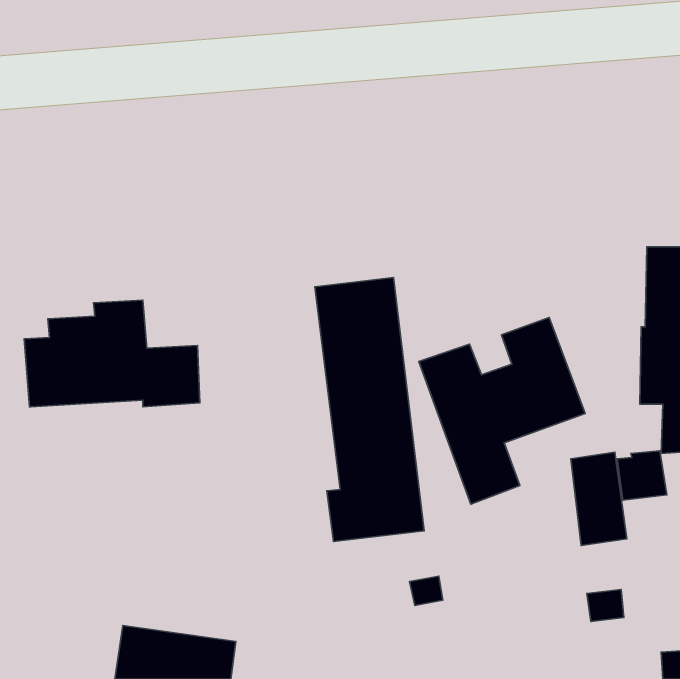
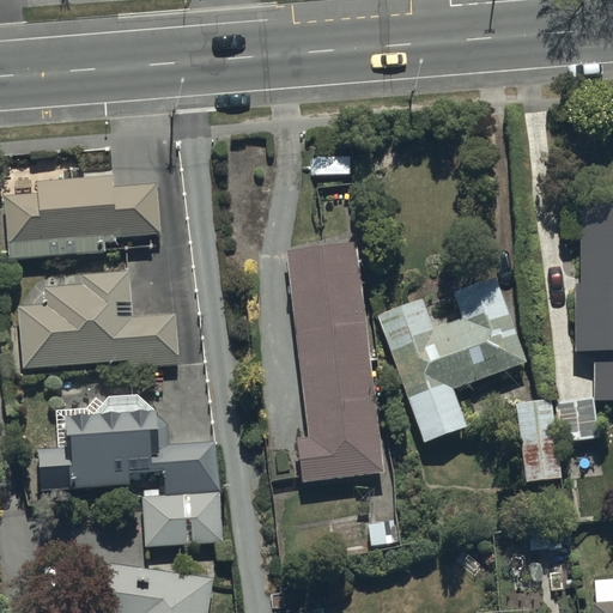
building: none -> [6,172,162,254]
building: none -> [40,392,226,545]

